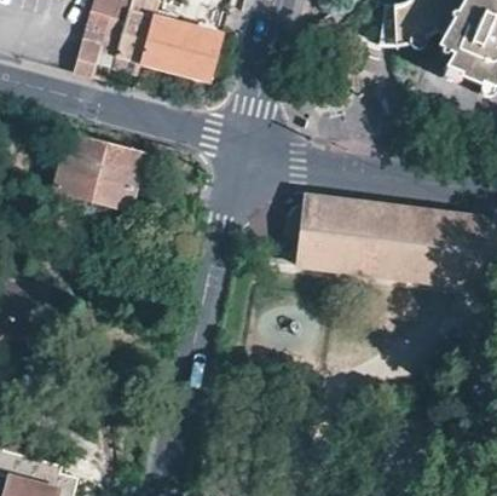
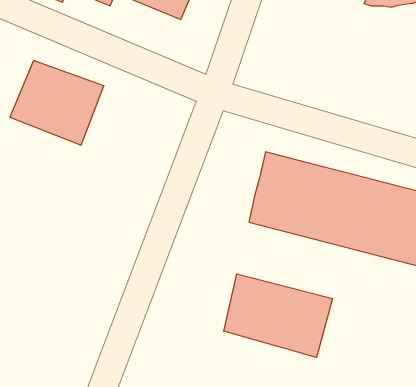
building: none -> [224,274,333,357]

